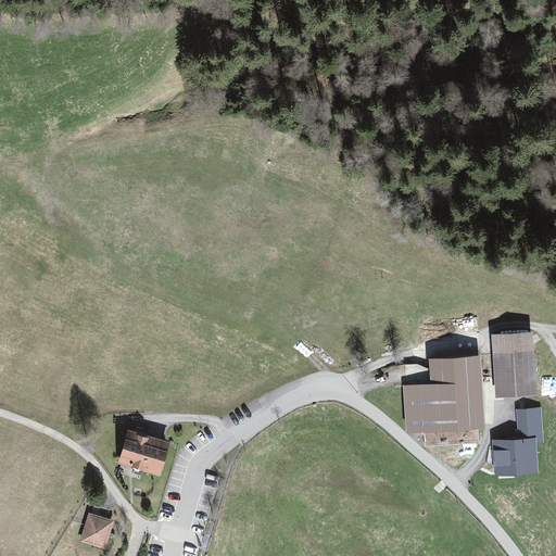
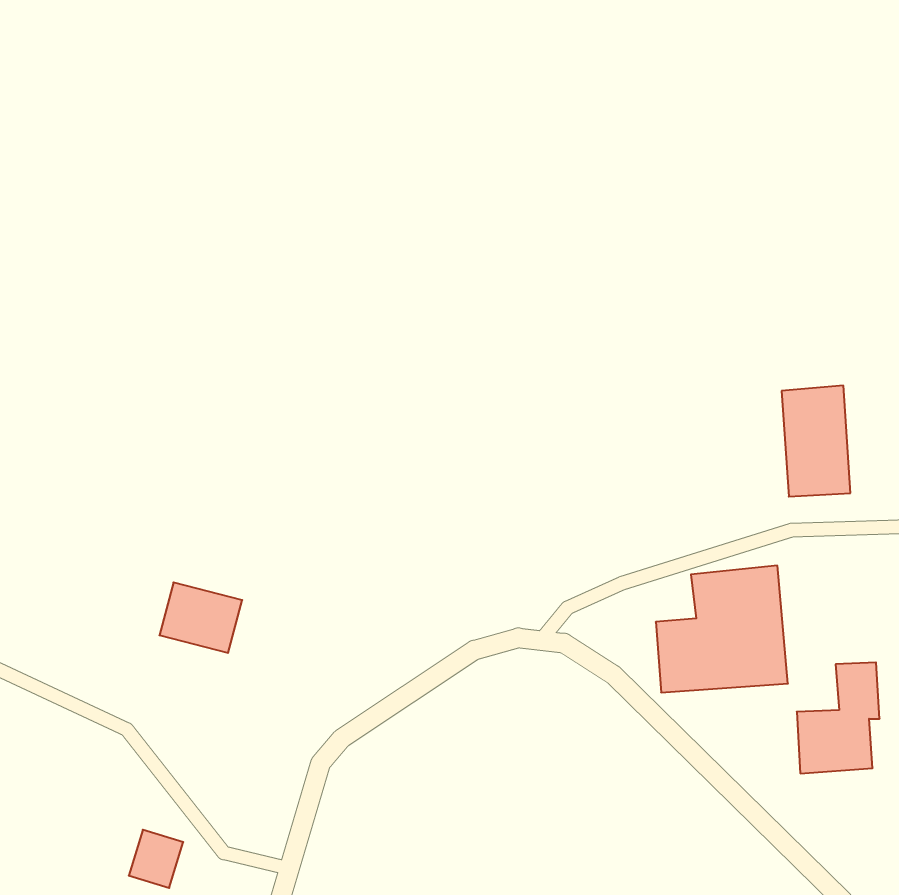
building: [491,329,533,397] -> [782,386,850,497]
building: [118,430,169,473] -> [159,582,242,653]

